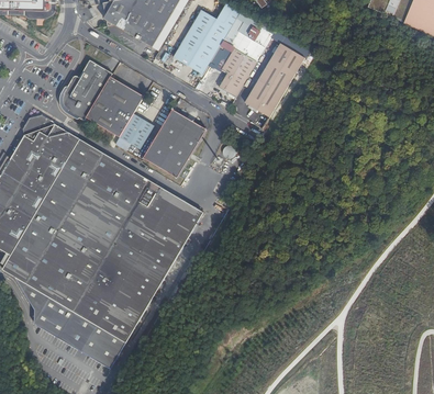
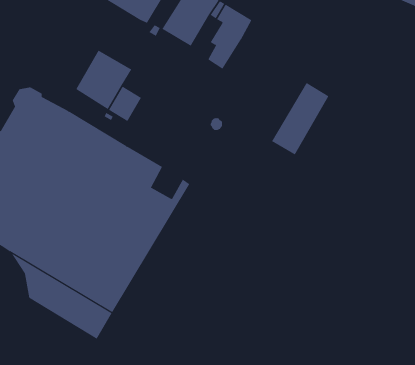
building: [244,42,302,115] -> [271,82,329,155]
building: [60,58,112,122] -> none
building: [143,108,205,177] -> none
building: [163,193,193,225] -> none

